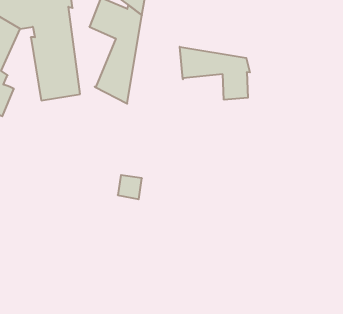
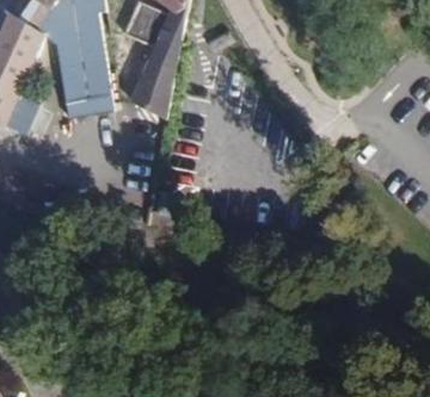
building: [180,47,250,100] -> none

